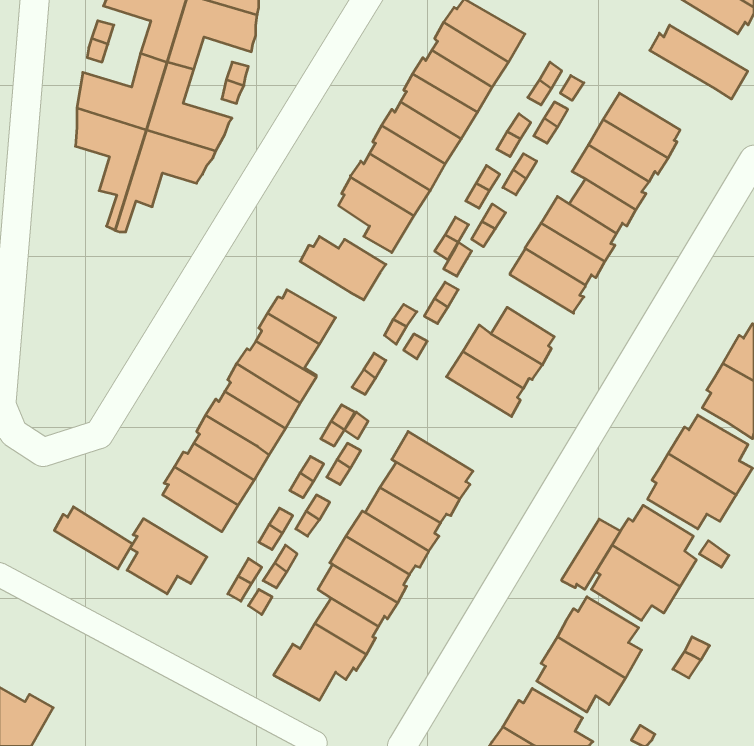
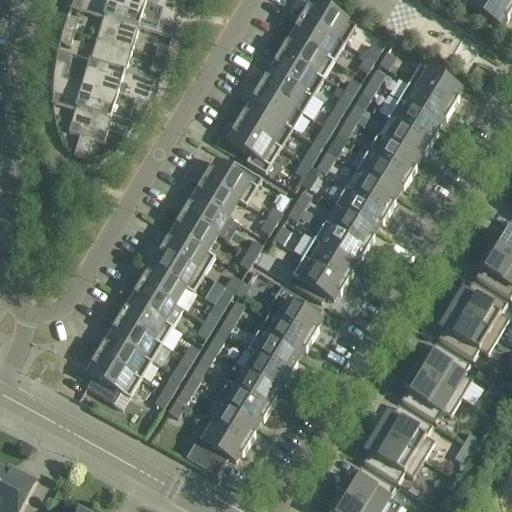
building: [650,25,748,99] -> none
building: none -> [194,177,237,215]
building: none -> [334,186,388,228]
building: none -> [291,255,346,301]
building: [54,507,133,569] -> [97,335,150,377]
building: [562,519,620,589] -> none

